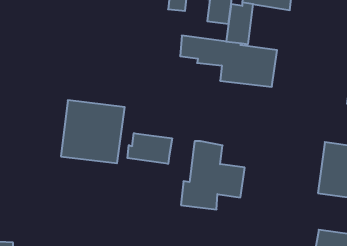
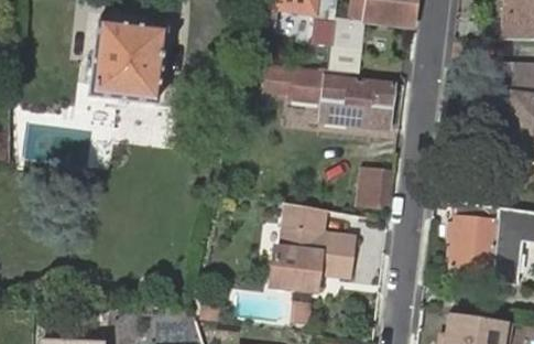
building: [61,100,125,163] -> [86,23,168,105]
building: none -> [361,165,395,203]
building: [127,133,172,164] -> none

